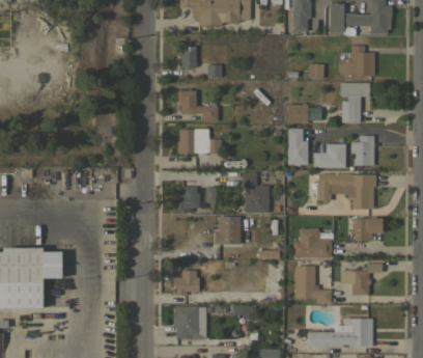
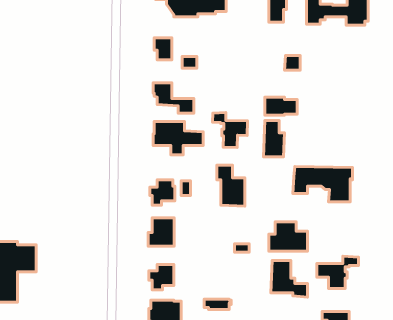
building: [340,45,375,76] -> none
building: [340,83,369,123] -> none
building: none -> [213,112,248,148]
building: [351,135,374,165] -> none
building: [314,143,346,167] -> none
building: [215,216,241,244] -> [148,218,174,246]
building: [352,218,385,241] -> none

